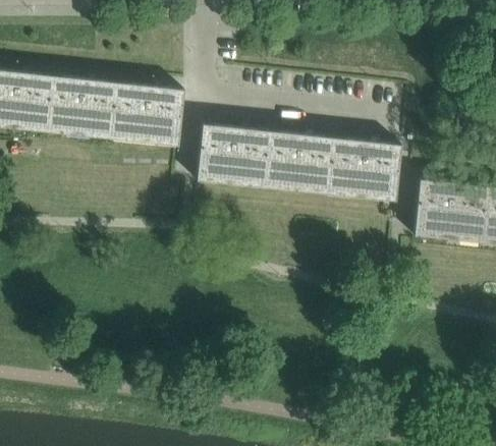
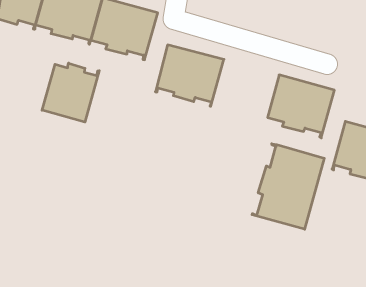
building: [263,129,335,192] -> none
building: none -> [42,63,99,122]
building: none -> [252,144,324,229]

